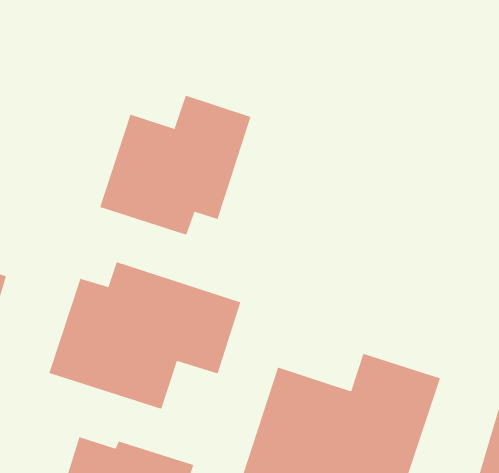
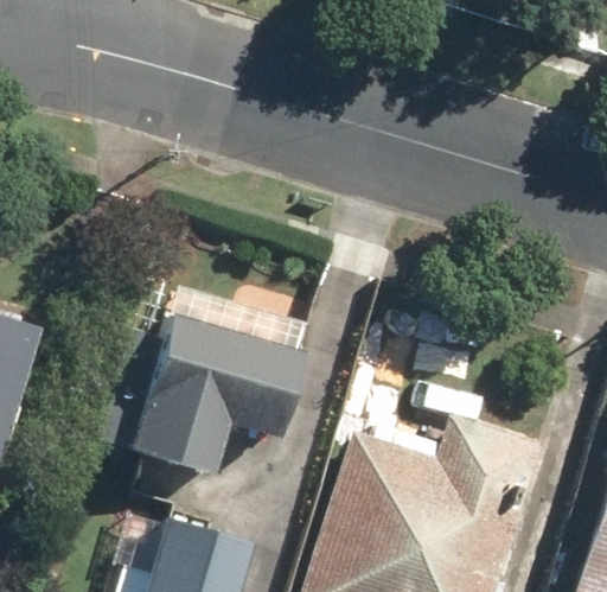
building: [100,95,251,235] -> none

